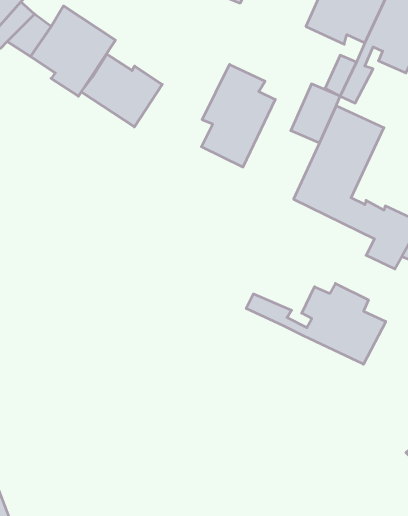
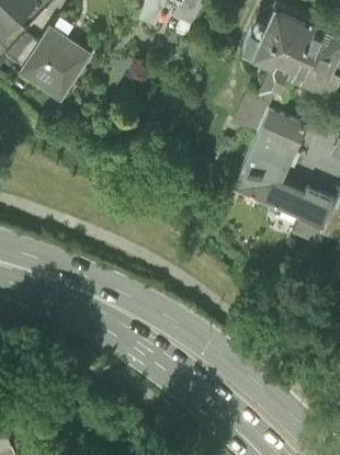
building: [81,54,162,127] -> none
building: [201,64,275,167] -> none
building: [246,283,386,364] -> none

